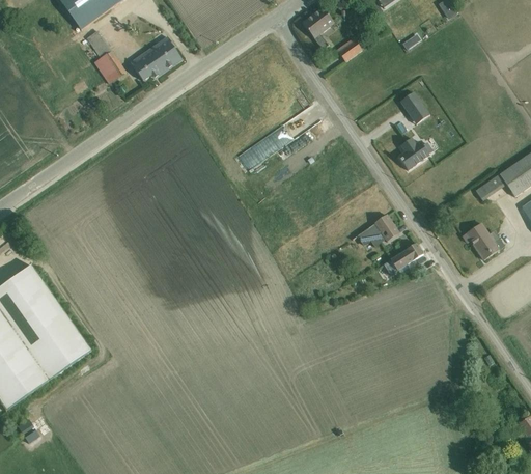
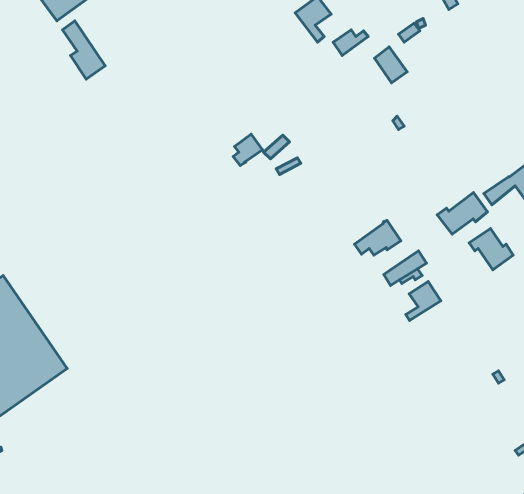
building: [130,36,181,80] -> none
building: [399,90,429,123] -> [375,47,407,83]
building: [397,137,432,169] -> none
building: none -> [437,193,487,234]
building: none -> [406,281,441,321]

